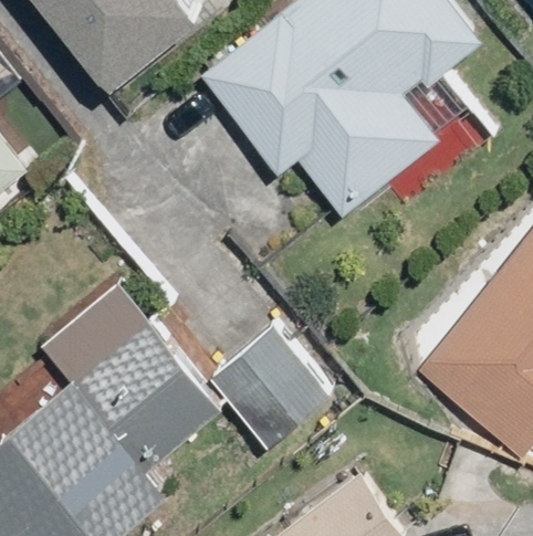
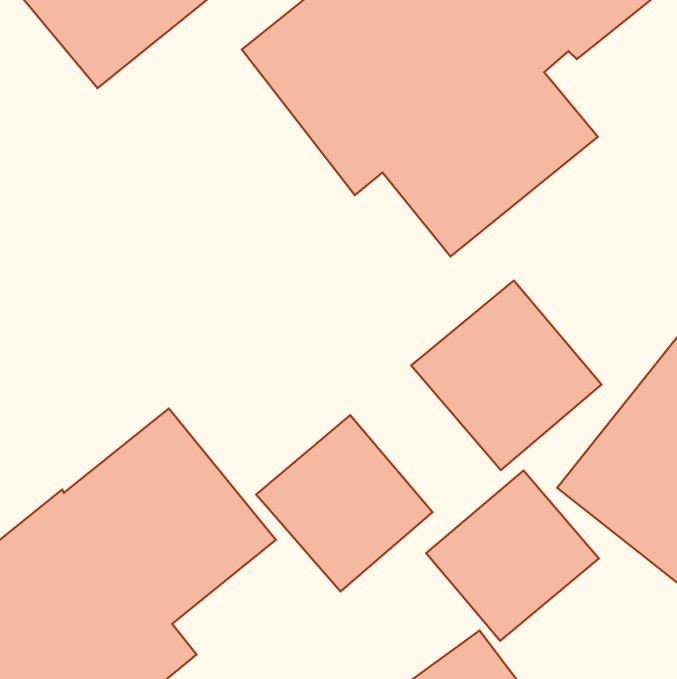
building: none -> [411,280,601,470]
building: none -> [426,471,599,641]

